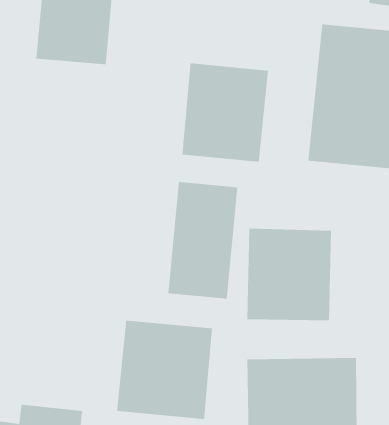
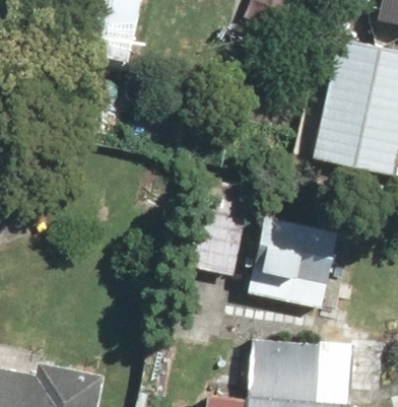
building: [182,63,269,162] -> none
building: [117,320,213,420] -> none

